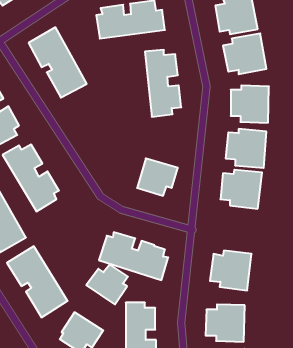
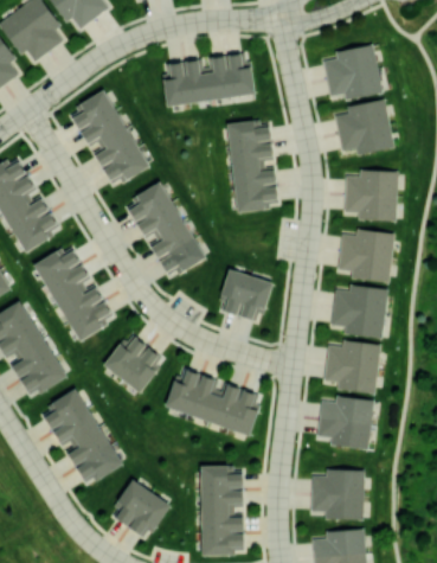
building: none -> [129,181,205,279]
building: none -> [324,339,381,394]
building: [86,264,128,304] -> [103,338,160,392]

